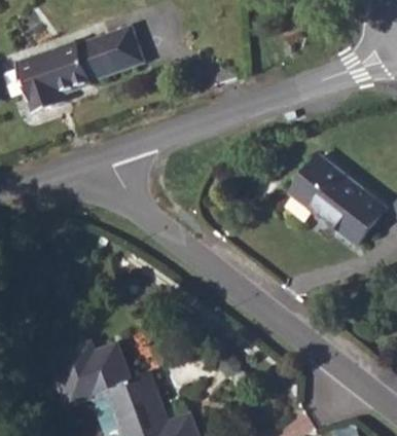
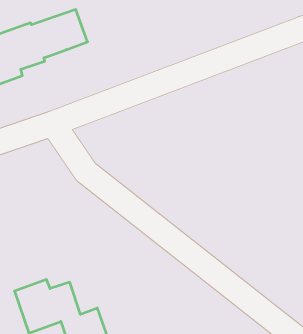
building: [288,155,384,244] -> none

